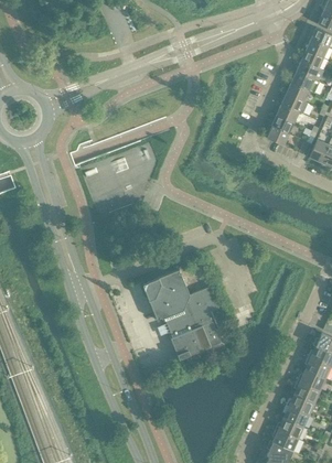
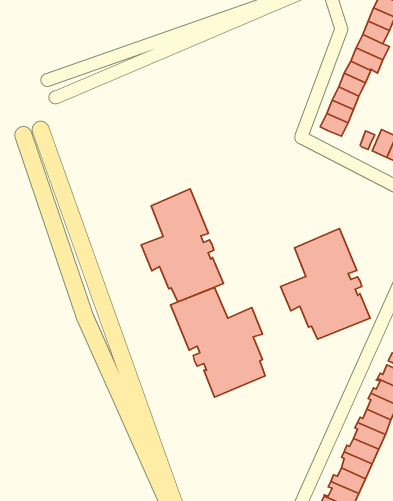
building: none -> [141,189,223,302]
building: none -> [281,228,370,339]

